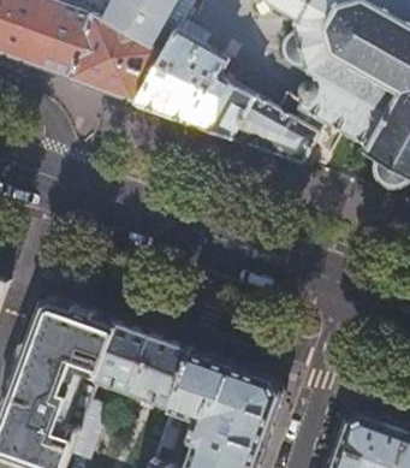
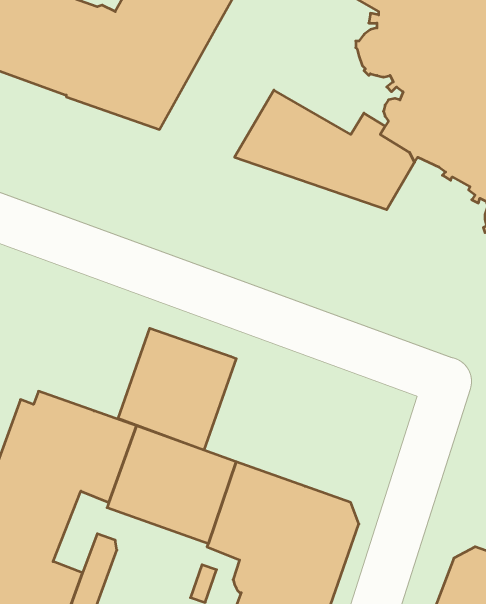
building: [136,26,228,124] -> none
building: none -> [118,328,236,450]

